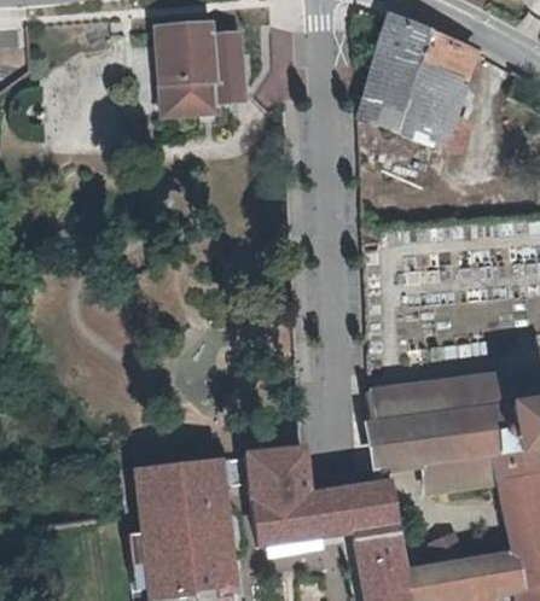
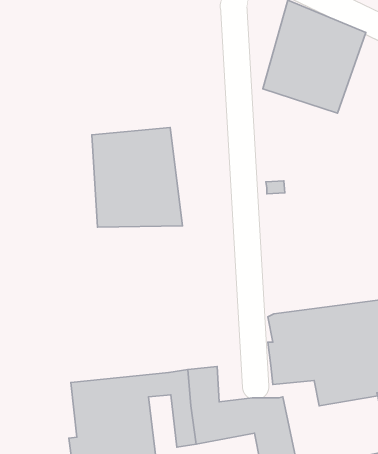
building: [155,19,249,119] -> none
building: none -> [92,128,182,227]

